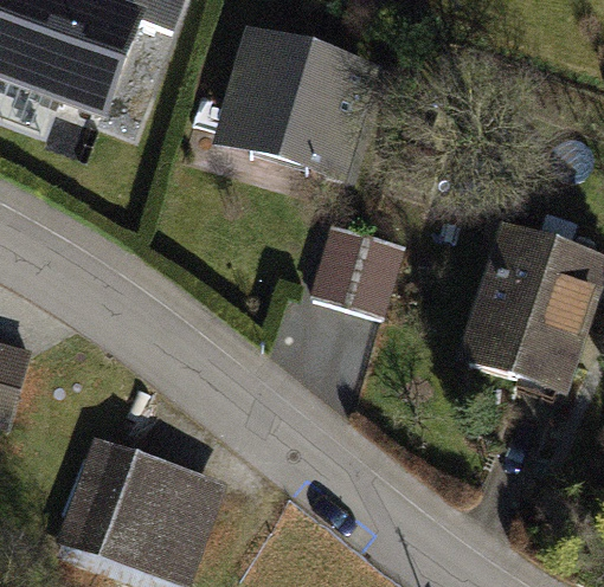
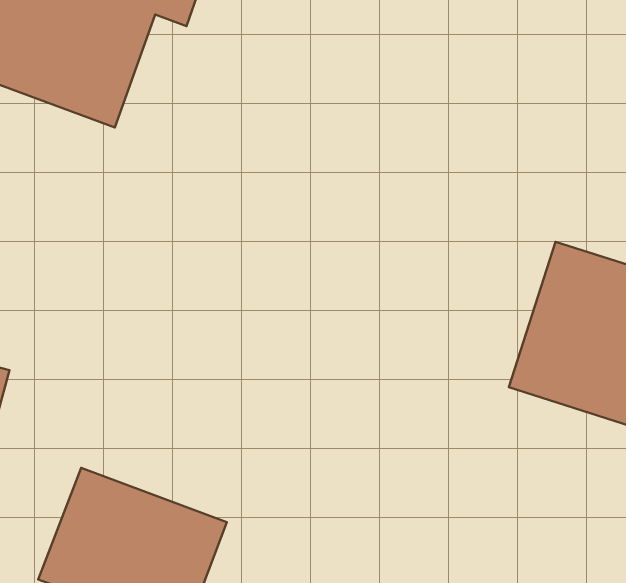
building: [212,24,381,181] -> none
building: [306,225,405,320] -> none

